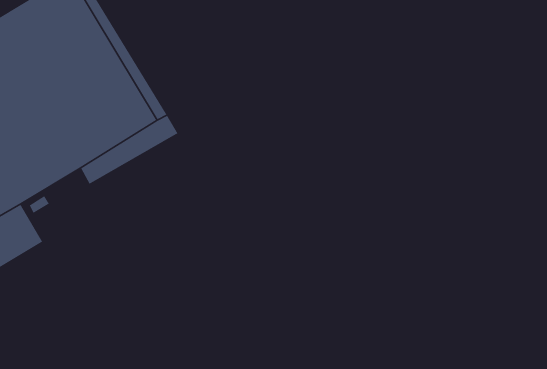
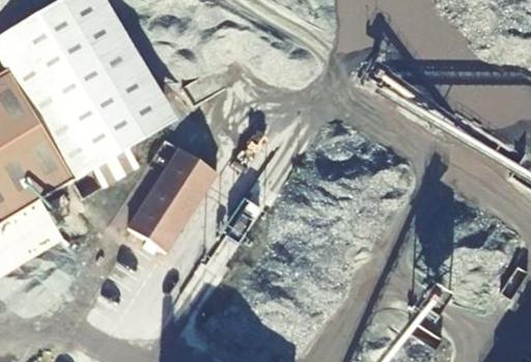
building: none -> [130,142,230,252]

